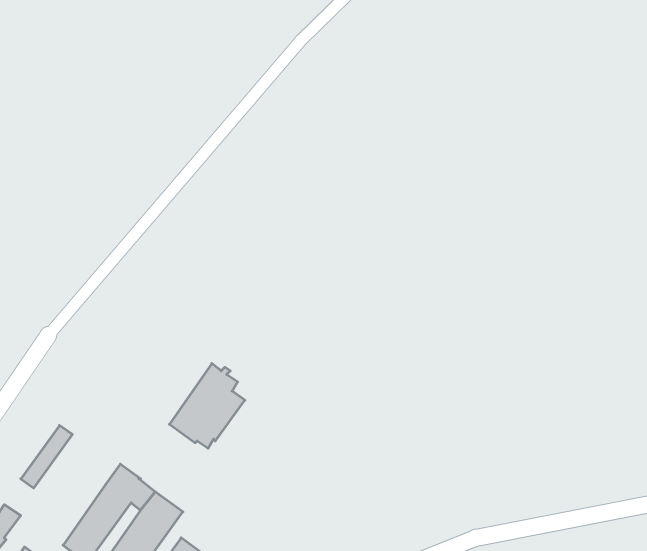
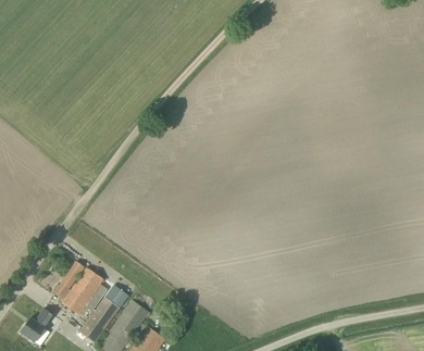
building: [169,363,245,448] -> [62,267,107,317]

